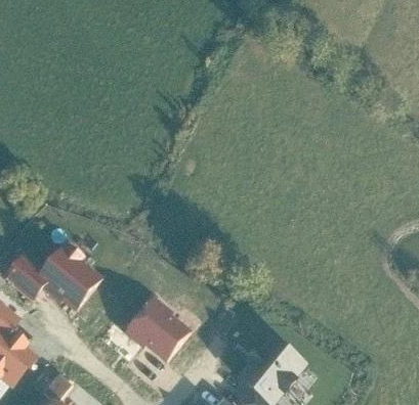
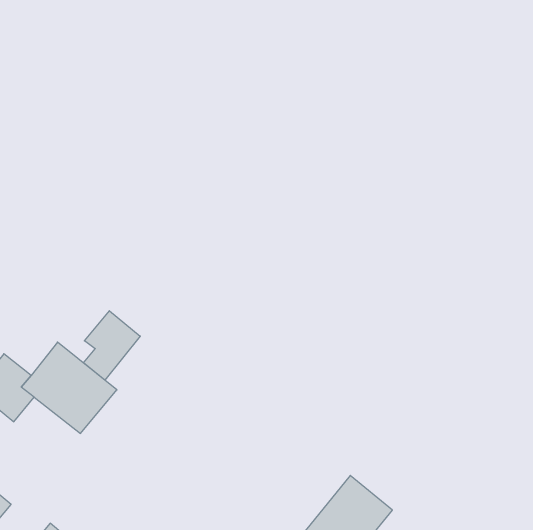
building: none -> [83,311,140,380]
building: [129,302,191,361] -> none

